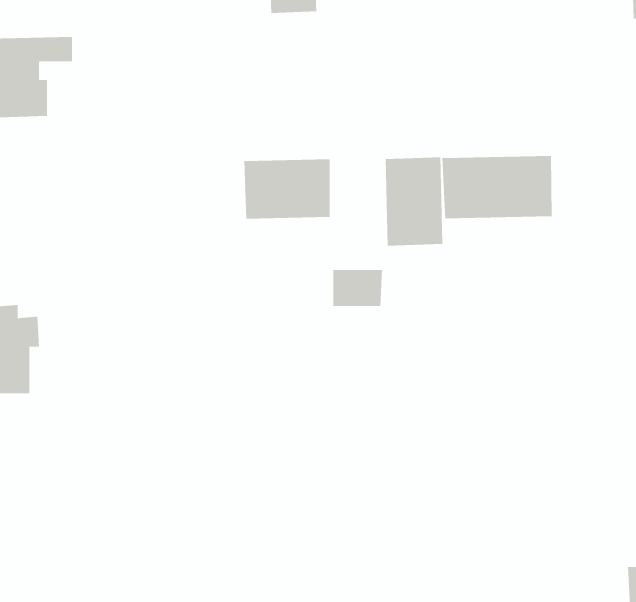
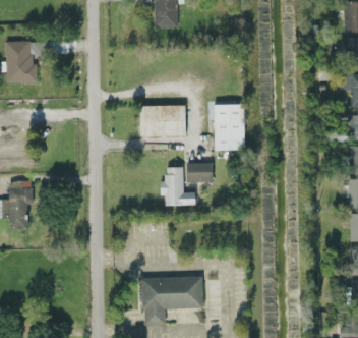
building: [442,155,552,219] -> none
building: none -> [161,167,196,205]
building: none -> [142,277,203,325]

